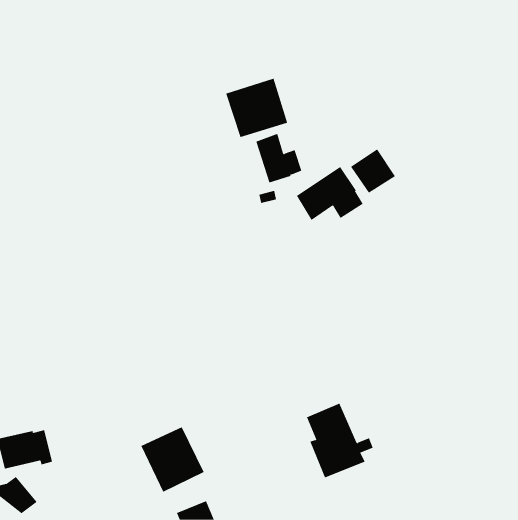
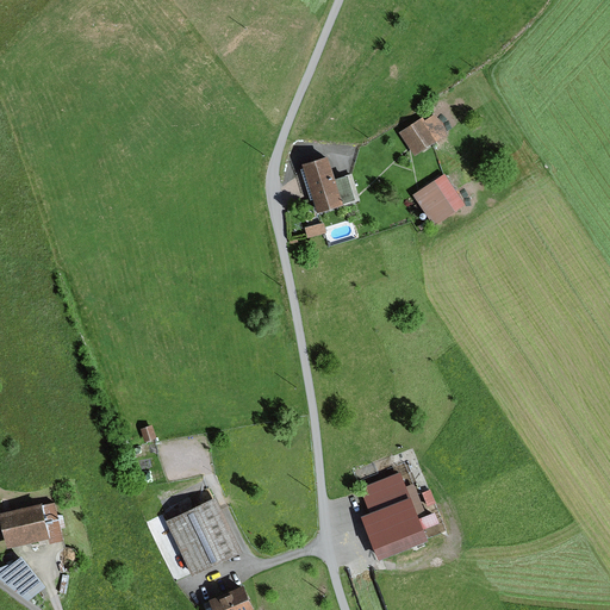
building: [225,78,288,138] -> none
building: none -> [397,114,447,156]
building: [296,166,364,221] -> none

